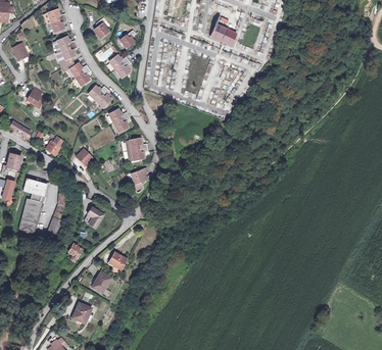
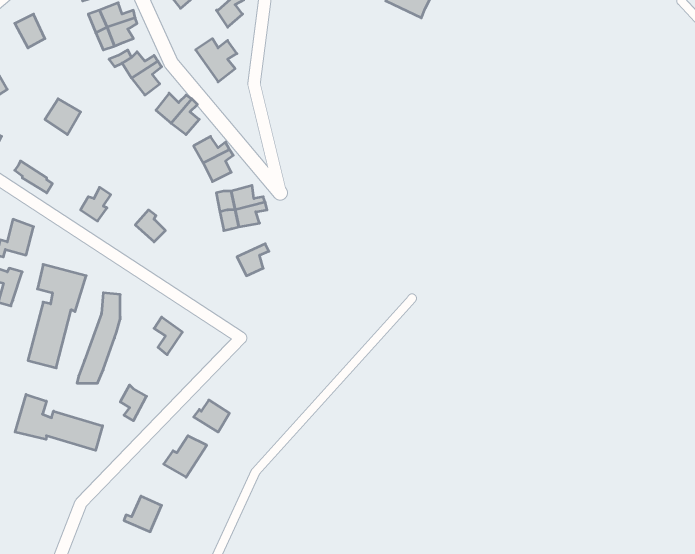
building: none -> [15,394,103,450]

